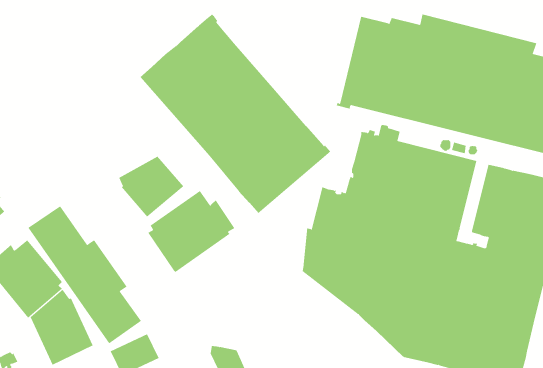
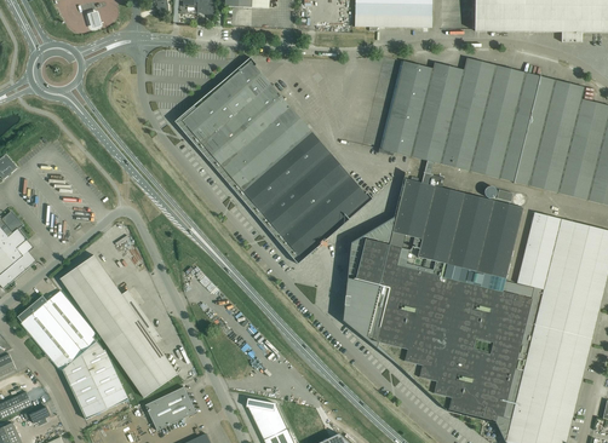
building: [118,156,184,217] -> none
building: [148,190,235,273] -> none

